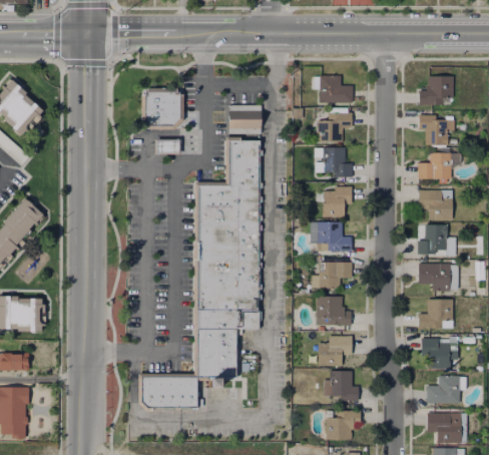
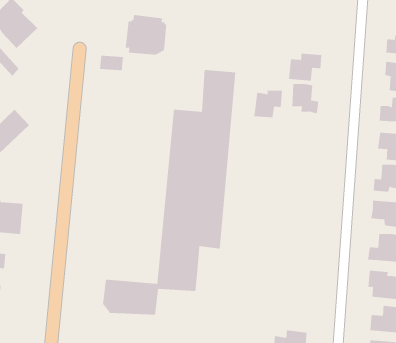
building: [313,75,352,103] -> none
building: [229,105,261,133] -> none
building: [154,139,179,154] -> [99,55,124,71]
building: [322,185,351,215] -> [254,90,283,118]
building: [316,220,351,250] -> none
building: [318,261,351,288] -> none
building: [315,295,350,324] -> none
building: [316,336,352,355] -> none
building: [323,371,358,401] -> none

